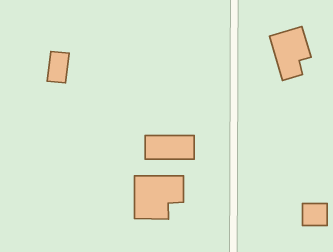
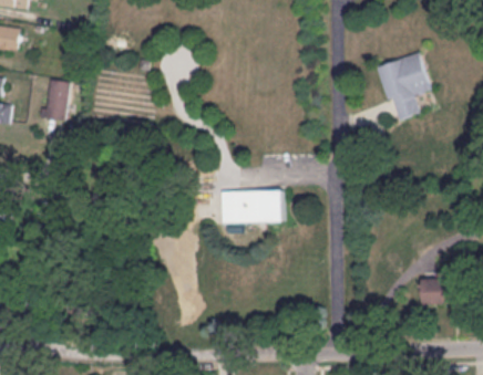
building: [47,51,69,83] -> [42,80,70,119]
building: [135,176,184,219] -> none

